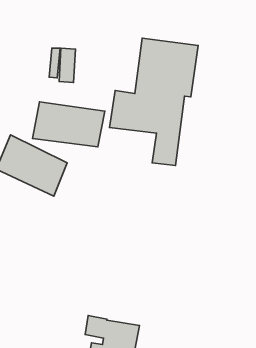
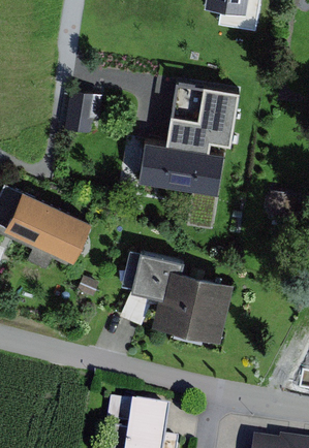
building: [32,102,105,147] -> none
building: none -> [127,251,235,346]

